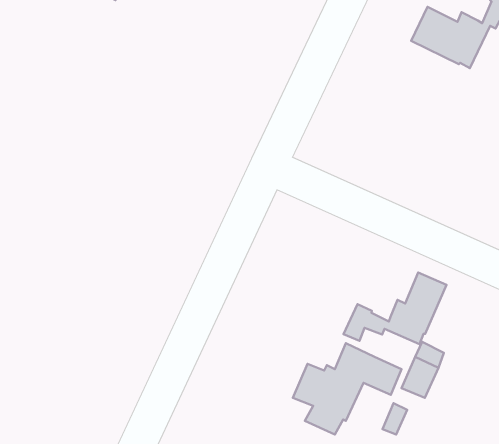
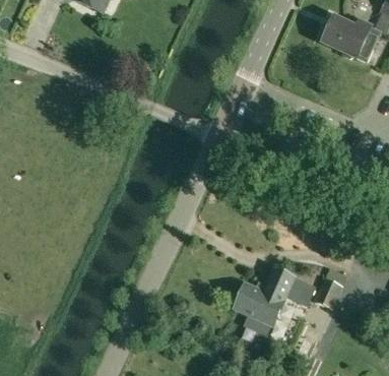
building: [344,273,446,344] -> none

